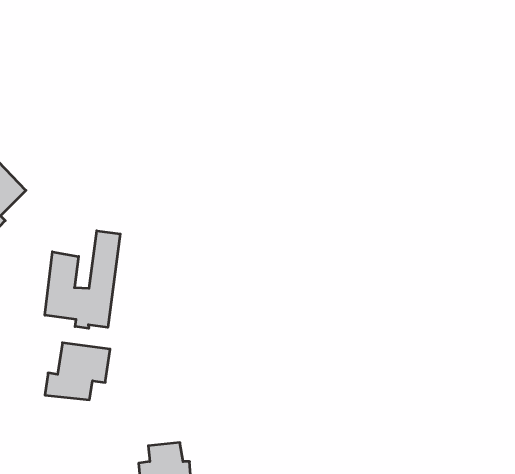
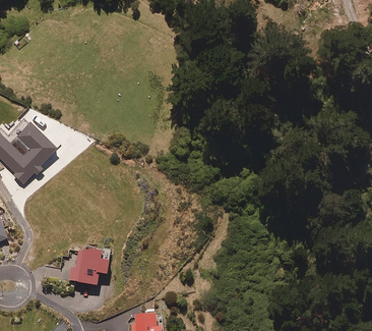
building: [45,231,120,328] -> none

